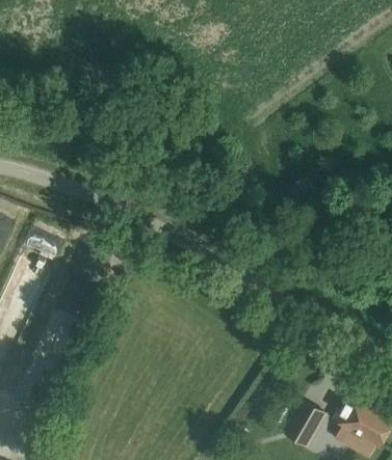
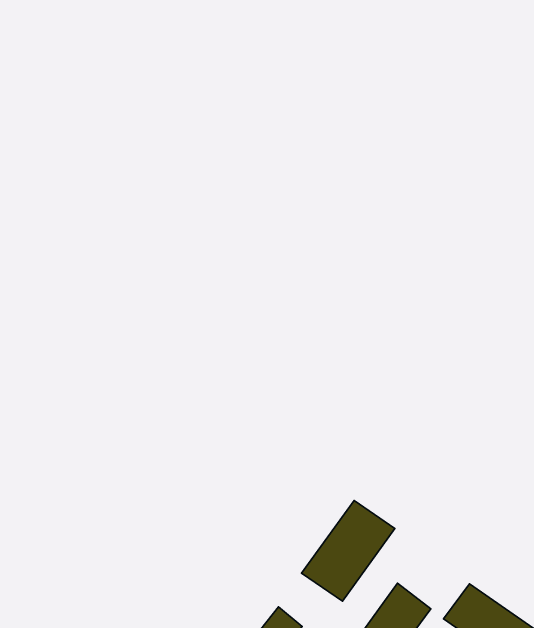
building: none -> [302,500,395,601]

